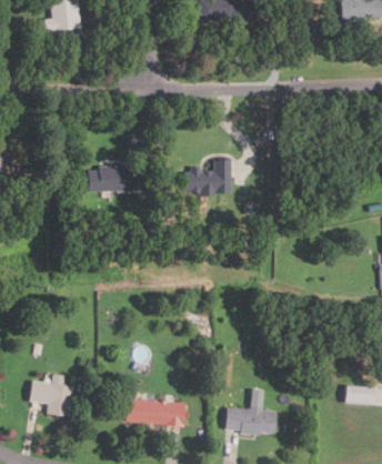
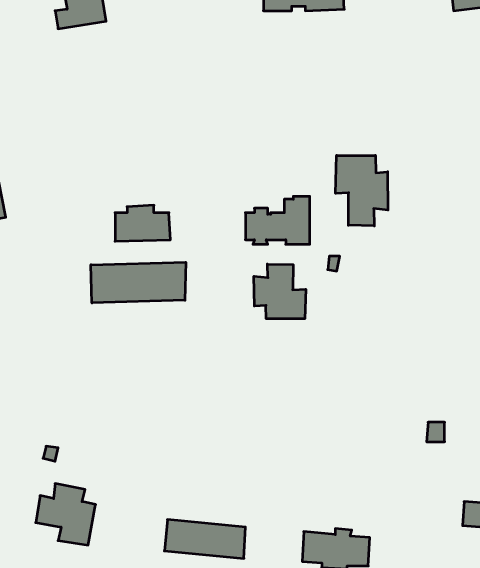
building: none -> [336,155,388,226]
building: none -> [91,262,186,303]
building: none -> [254,264,306,319]

